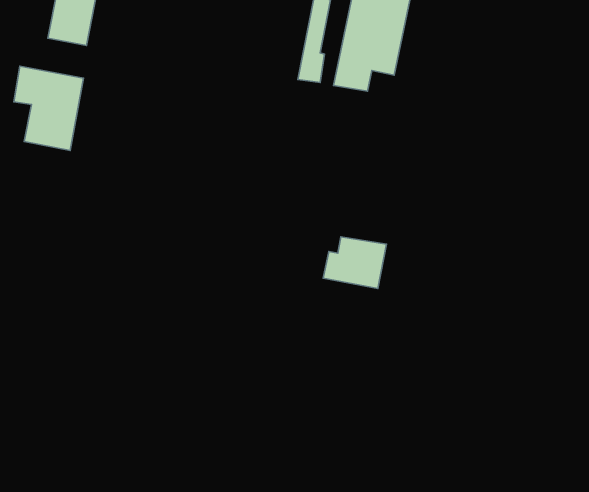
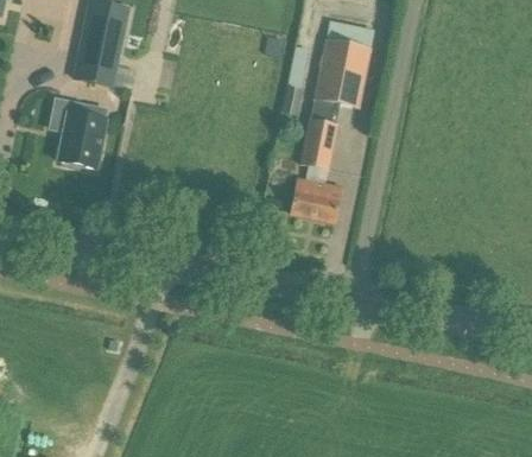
building: none -> [300,118,340,171]
building: [323,237,387,289] -> [292,179,343,221]

